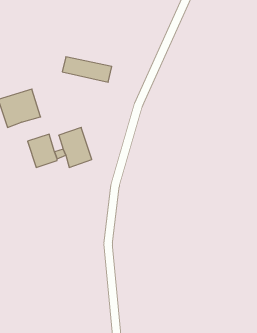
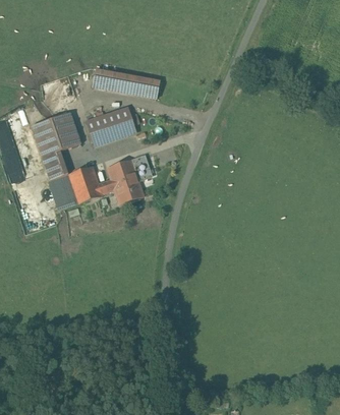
building: none -> [86,104,135,143]
building: none -> [43,152,76,211]

